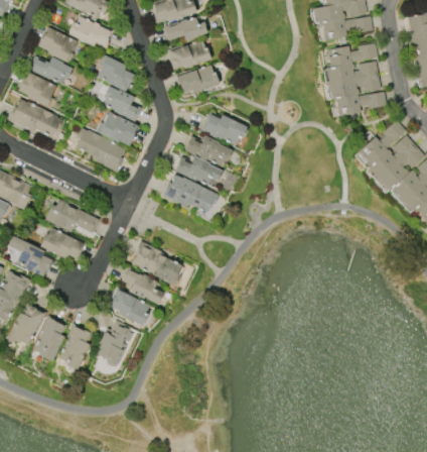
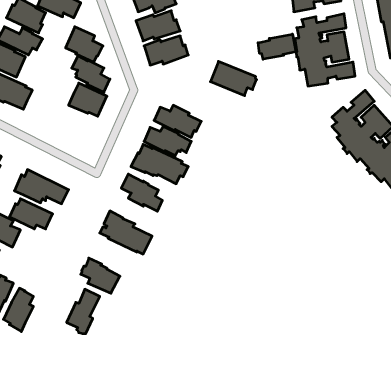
building: none -> [258,34,296,59]
building: [201,112,248,146] -> [210,61,257,96]
building: [76,128,126,172] -> none
building: [122,267,163,305] -> [121,174,162,211]
building: [59,327,94,370] -> none

